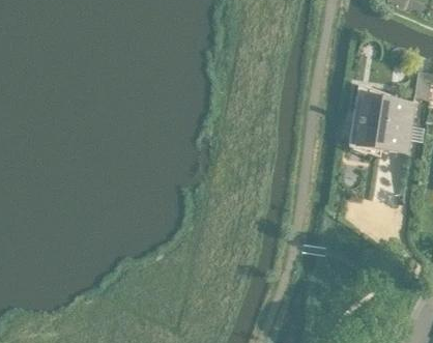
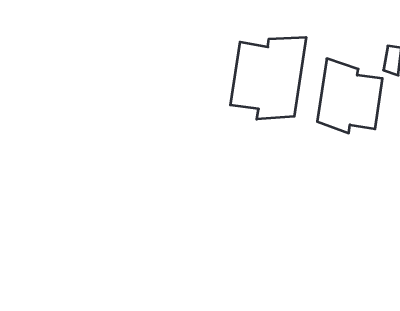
building: none -> [230,37,306,119]

